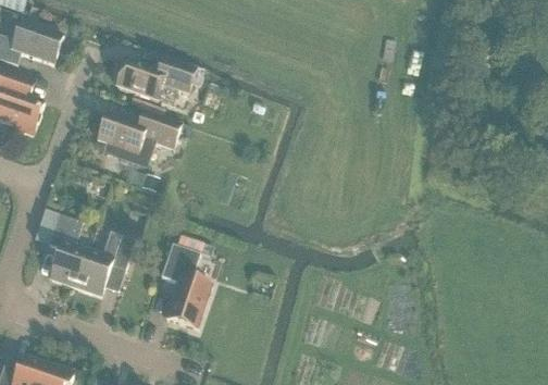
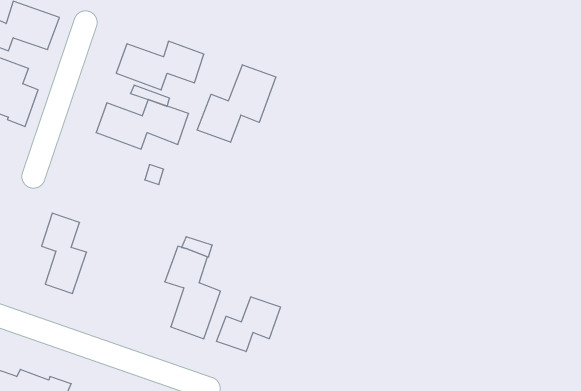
building: none -> [197,65,276,142]
building: [75,233,135,297] -> none
building: none -> [217,297,280,352]

